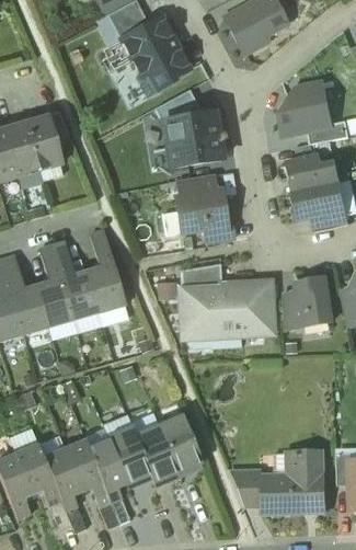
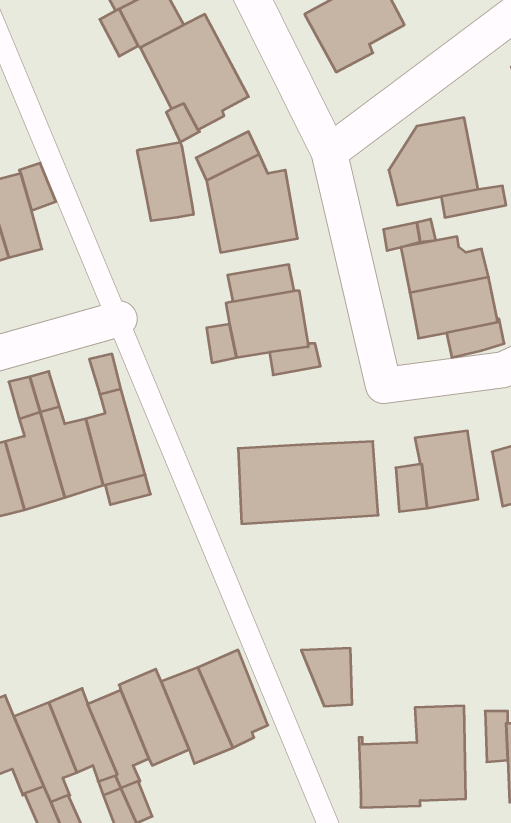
building: none -> [137,142,193,221]
building: [181,263,221,288] -> none
building: [227,469,259,505] -> [301,648,352,706]

